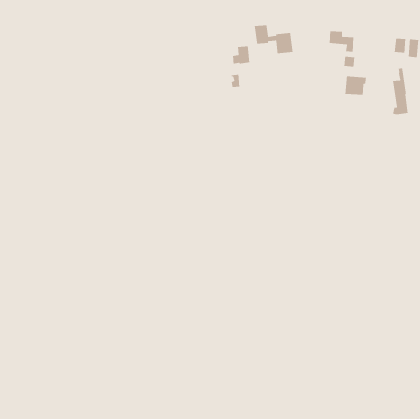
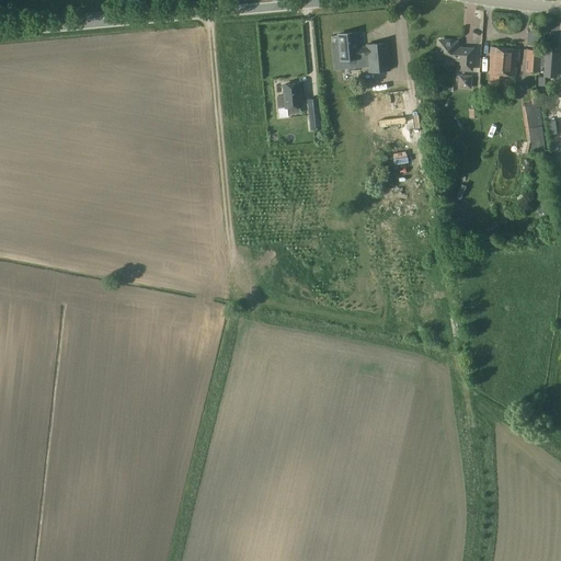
building: [232,46,250,64] -> [277,84,301,110]
building: [345,76,367,95] -> [490,49,519,76]

